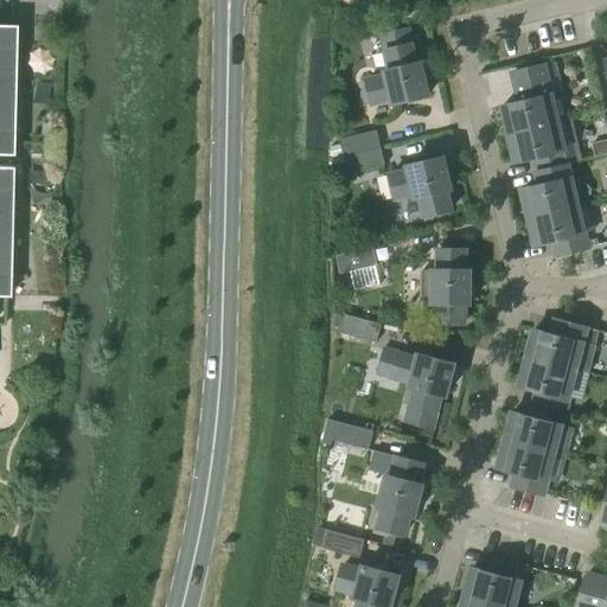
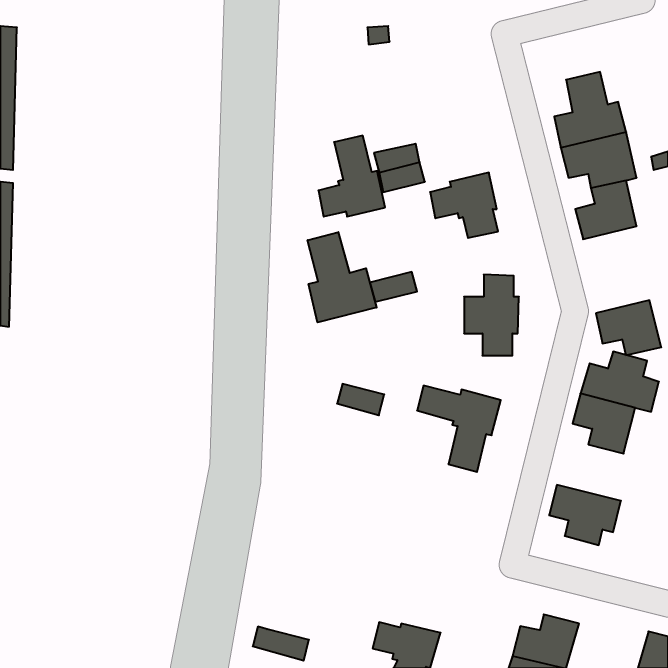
building: [368,30,428,103] -> [318,136,385,217]
building: [529,205,588,255] -> [596,300,661,355]
building: none -> [308,232,377,322]
building: [339,314,382,343] -> [337,384,384,415]
building: [505,403,570,454] -> none
building: [332,421,373,449] -> none
building: [378,456,423,533] -> none
building: [314,528,365,558] -> [253,627,309,661]

